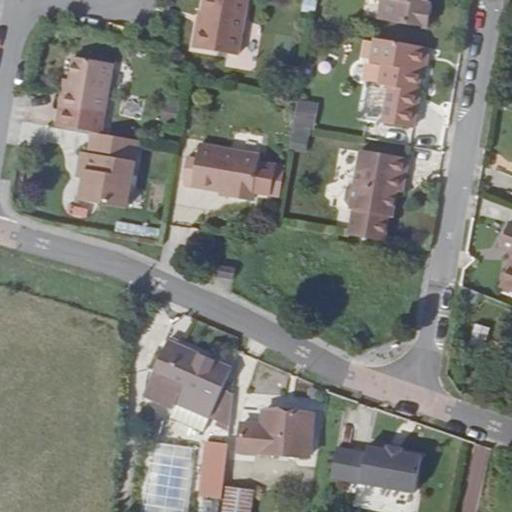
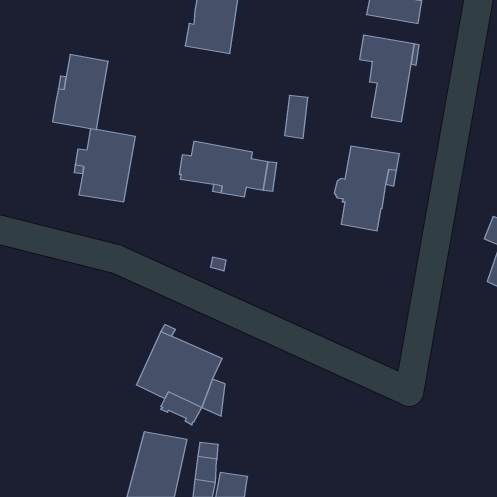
building: [238,409,312,455] -> none
building: [328,447,418,495] -> none

